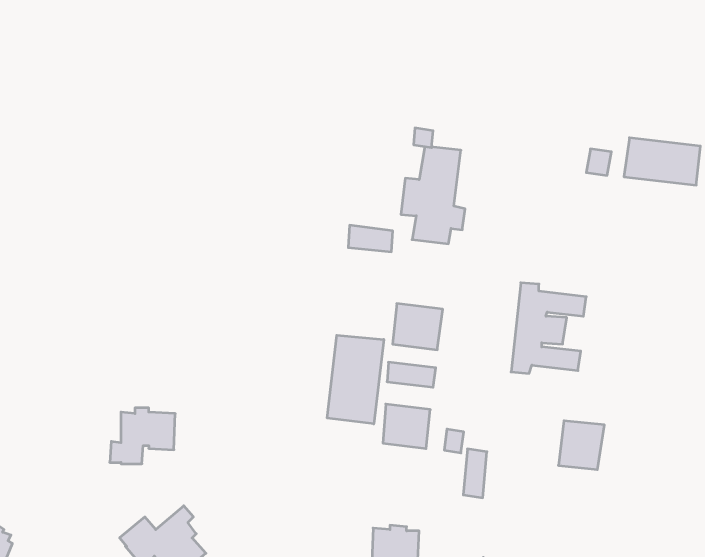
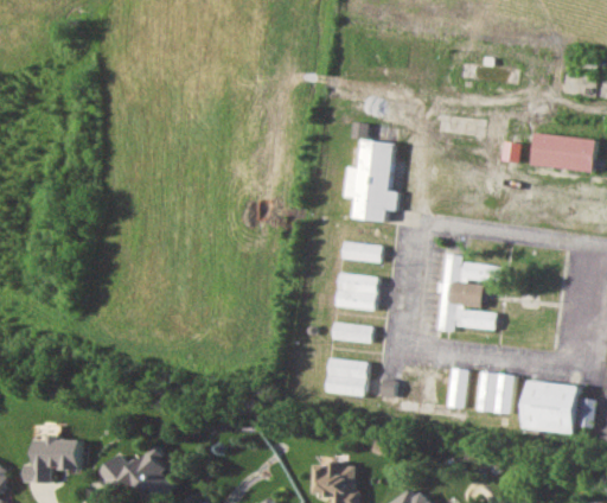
building: [348,225,393,252] -> [340,242,378,265]
building: [327,335,384,424] -> none
building: [110,408,175,464] -> [26,435,82,483]
building: none -> [522,381,595,434]
building: [463,449,487,498] -> [446,368,466,409]

